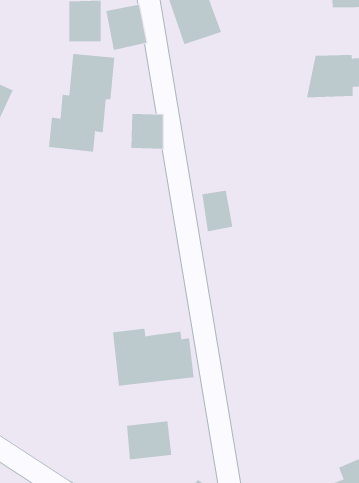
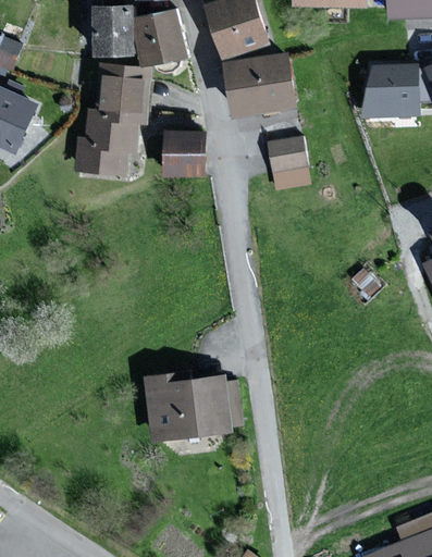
building: none -> [229,54,296,113]
building: [201,190,233,232] -> [269,140,305,187]
building: [127,420,172,460] -> none

